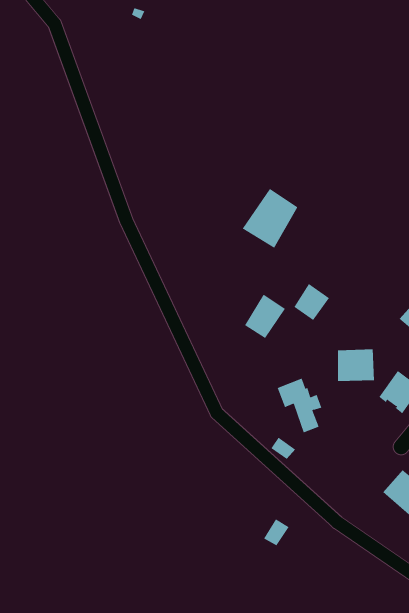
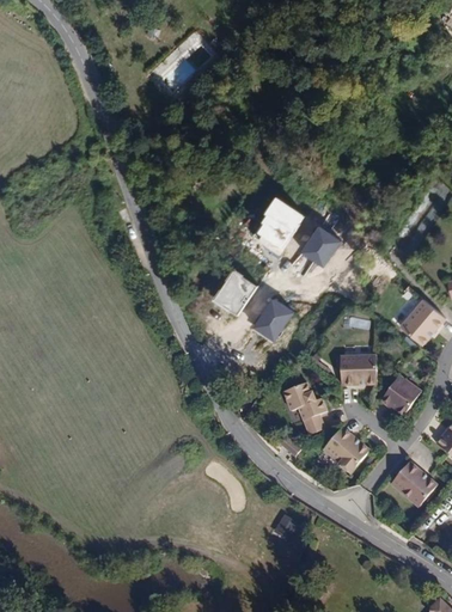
building: none -> [212,270,252,316]
building: [294,283,330,321] -> [305,231,340,267]
building: none -> [323,426,368,471]

